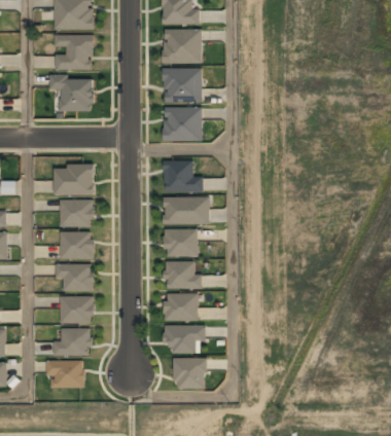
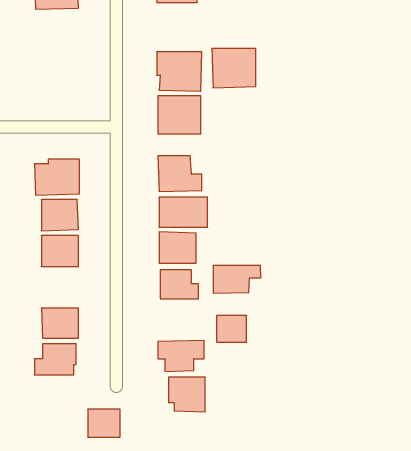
building: [163,29,202,64] -> [212,48,256,88]
building: [56,36,92,69] -> none
building: [49,76,92,111] -> none
building: none -> [213,265,261,293]
building: [56,263,94,291] -> none
building: [166,295,192,319] -> [217,316,247,342]
building: [52,362,81,387] -> [88,409,120,437]

